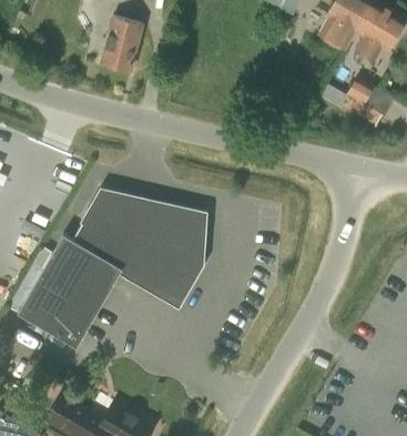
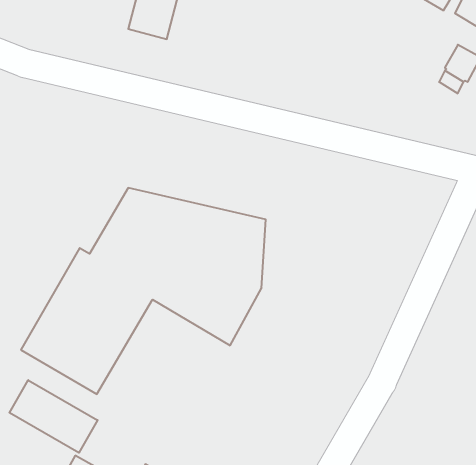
building: none -> [9,380,98,453]

